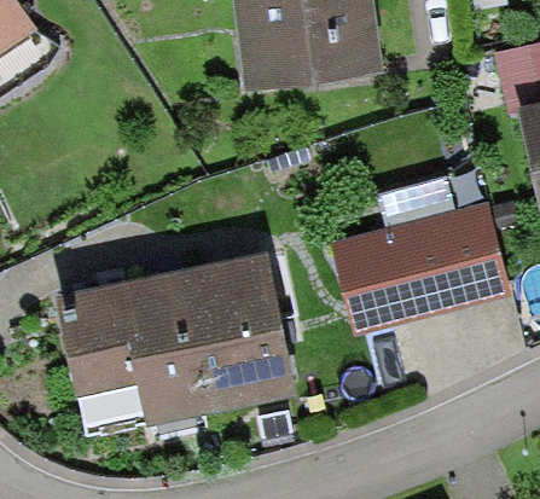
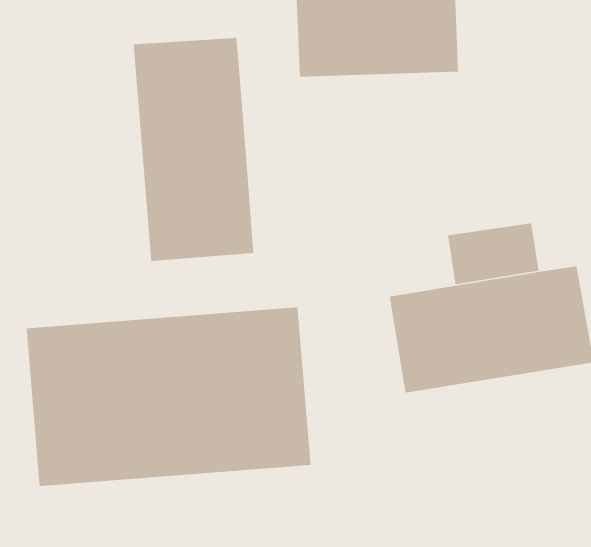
building: none -> [133,37,254,262]

